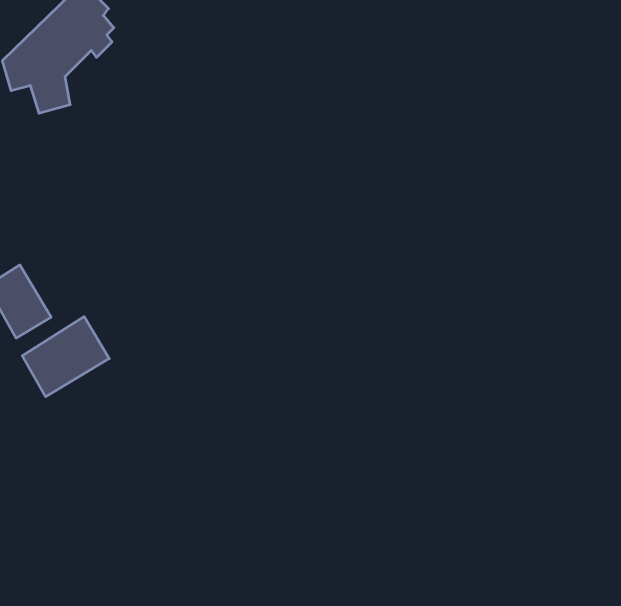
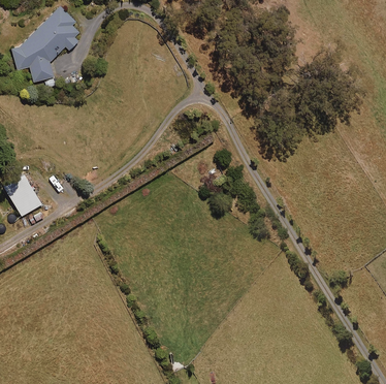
building: [22,317,109,397] -> none

